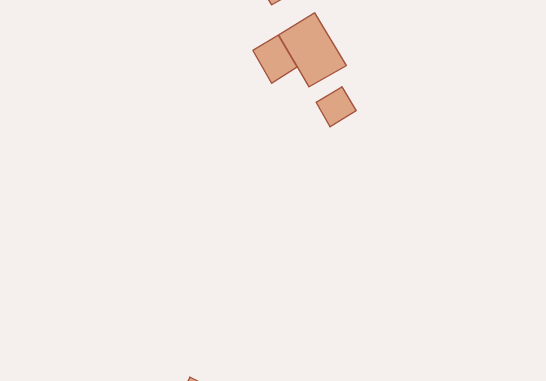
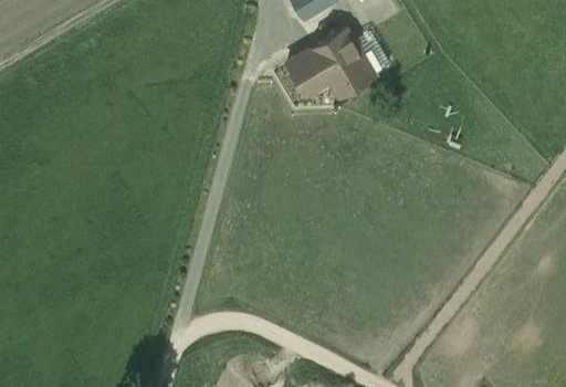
building: [316,87,356,127] -> none

